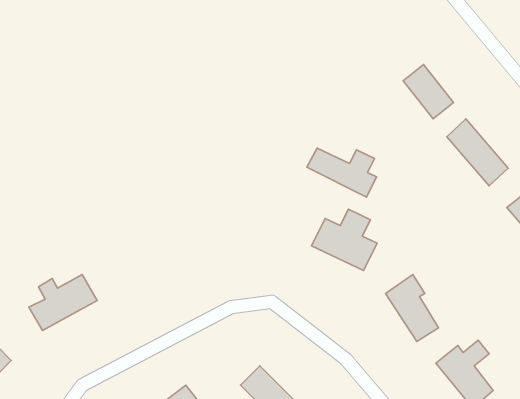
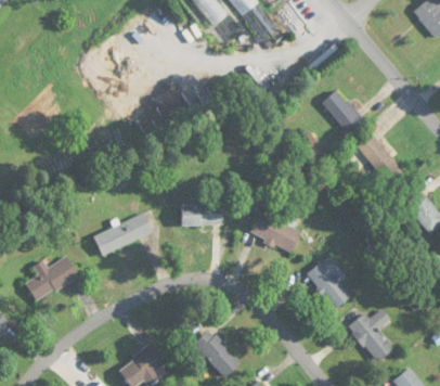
building: [307,148,377,197] -> none
building: none -> [181,204,223,224]
building: none -> [93,214,155,253]

